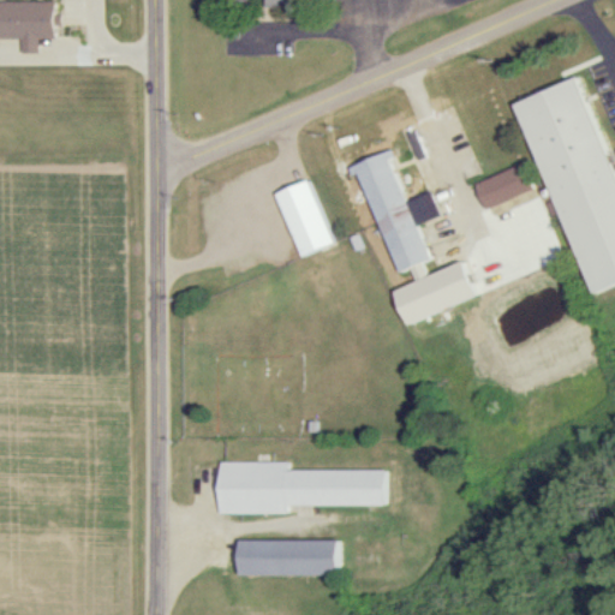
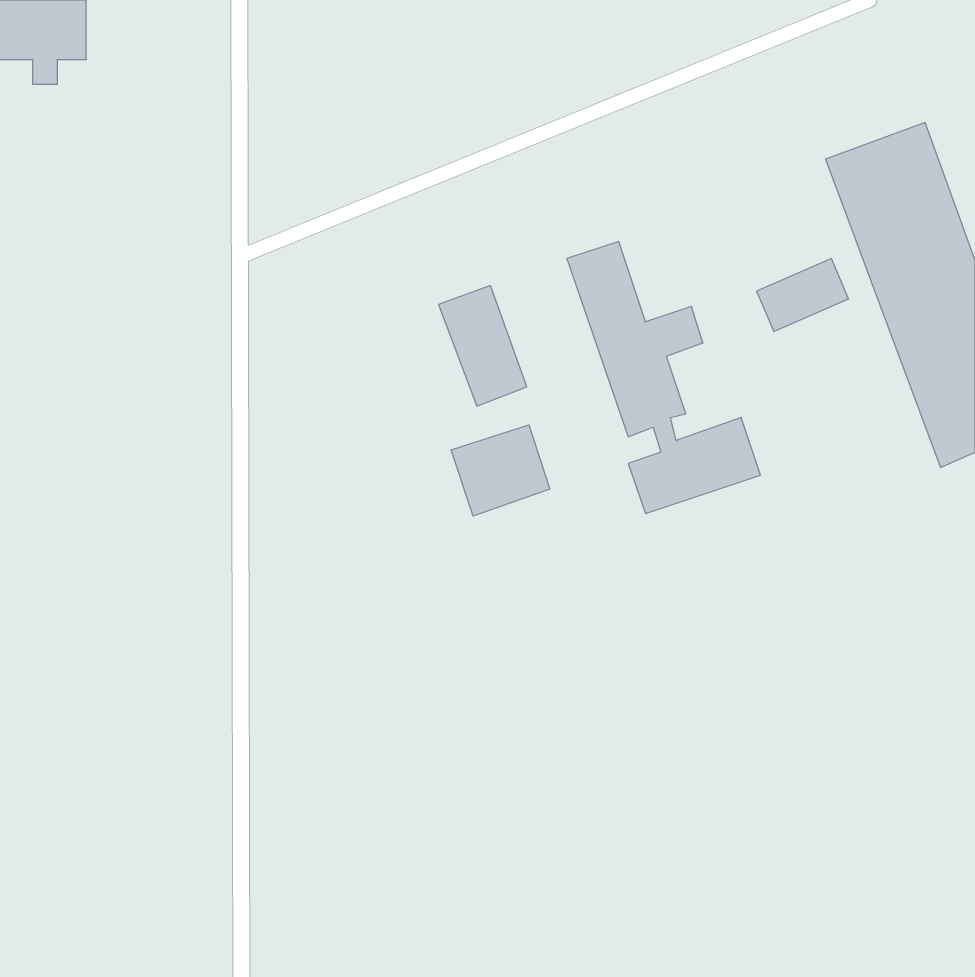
building: none -> [451,425,550,516]
building: [217,461,383,513] -> none
building: [238,541,338,575] -> none

